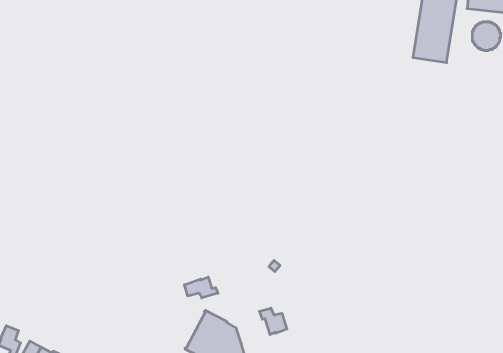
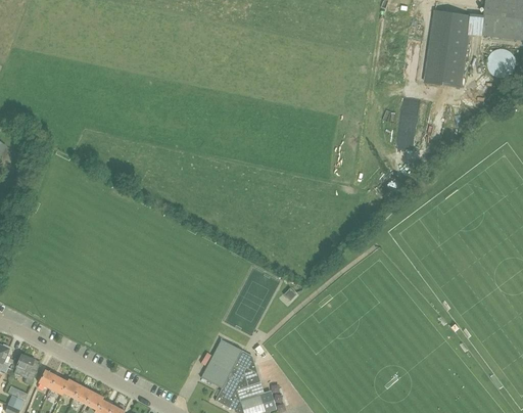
building: [184,277,218,298] -> none
building: [259,308,287,335] -> none

